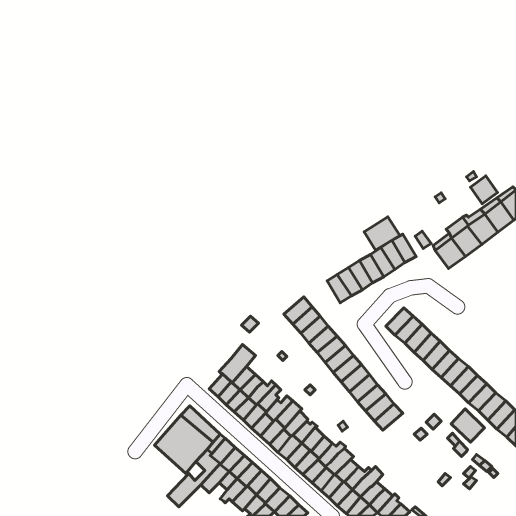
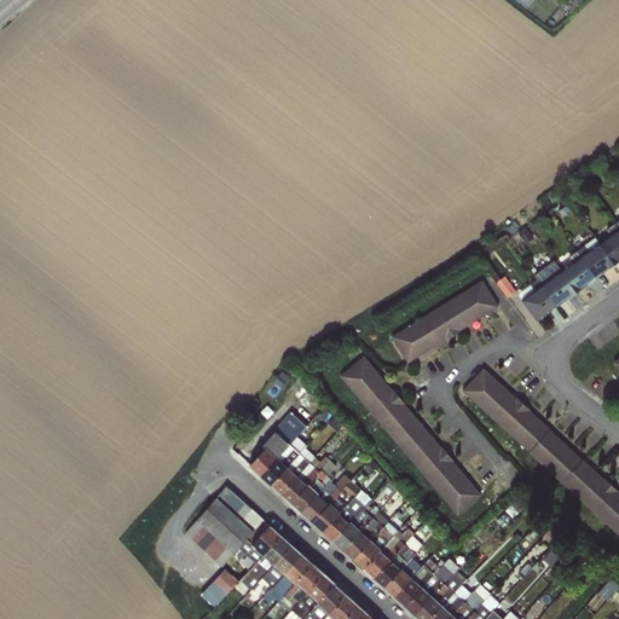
building: [470,176,497,204] -> none
building: [364,217,400,250] -> none
building: [451,409,484,442] -> none

